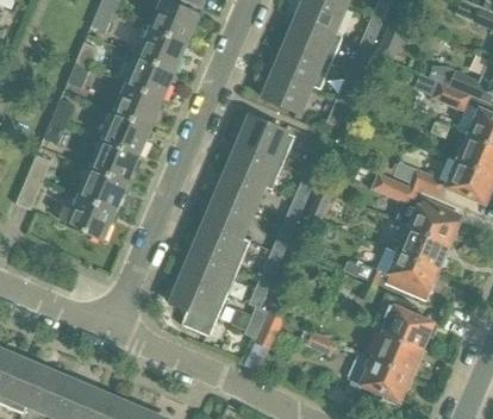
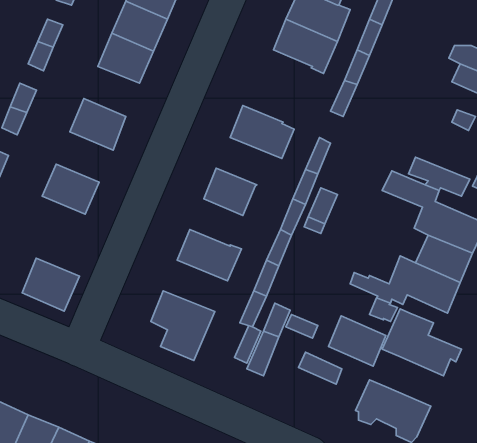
building: [264,69,310,113] -> none
building: [114,83,162,126] -> none
building: [91,139,139,182] -> none
building: [227,144,283,190] -> none
building: [67,194,116,239] -> [22,258,79,311]
building: [205,196,250,237] -> none
building: [182,249,237,293] -> none
building: [373,331,422,374] -> [329,316,386,366]

